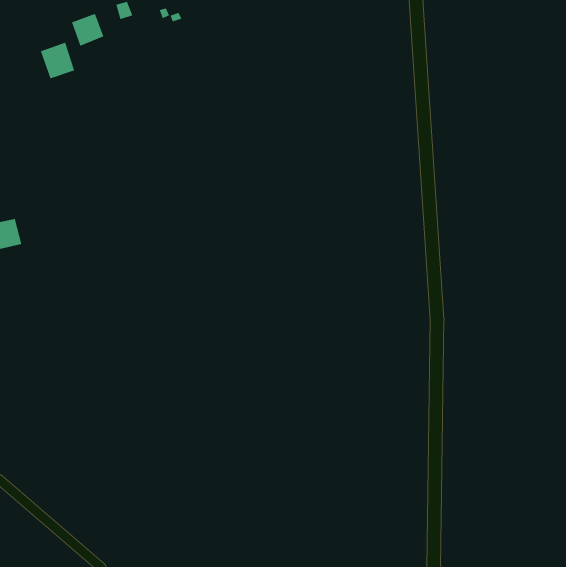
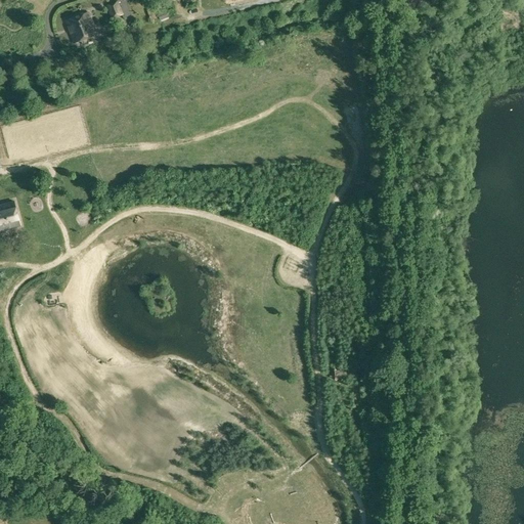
building: [40,42,75,79] -> none

